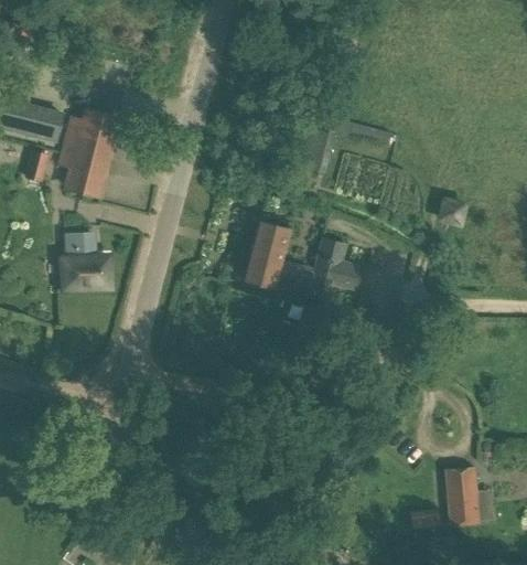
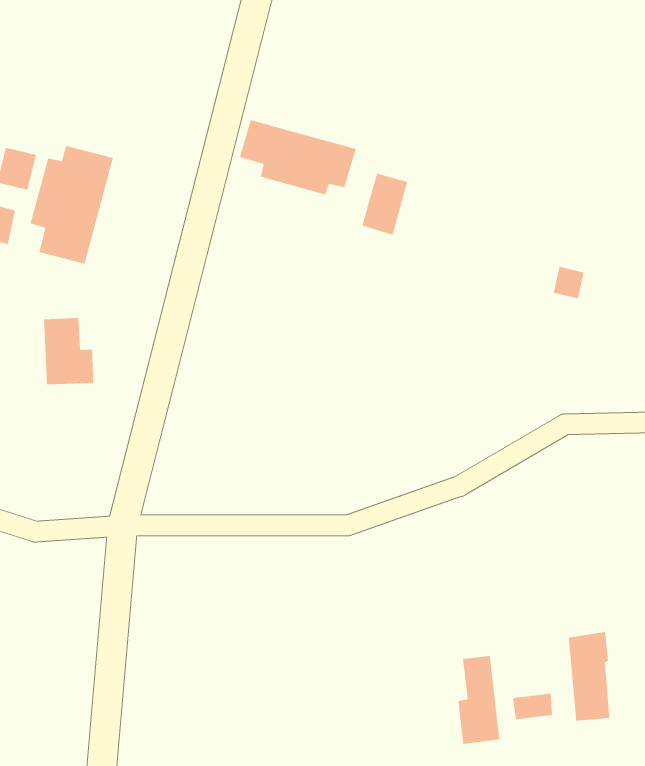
building: none -> [239,119,357,195]
building: [245,222,359,302] -> none
building: none -> [458,655,500,745]

